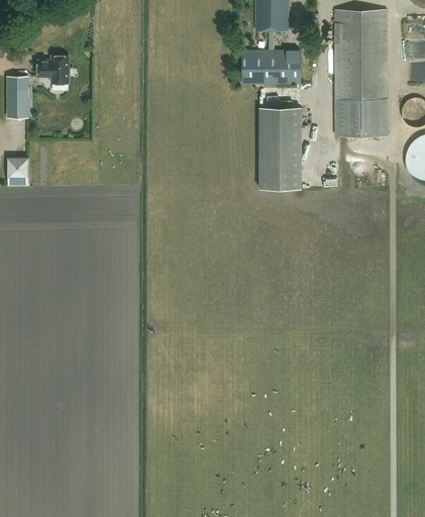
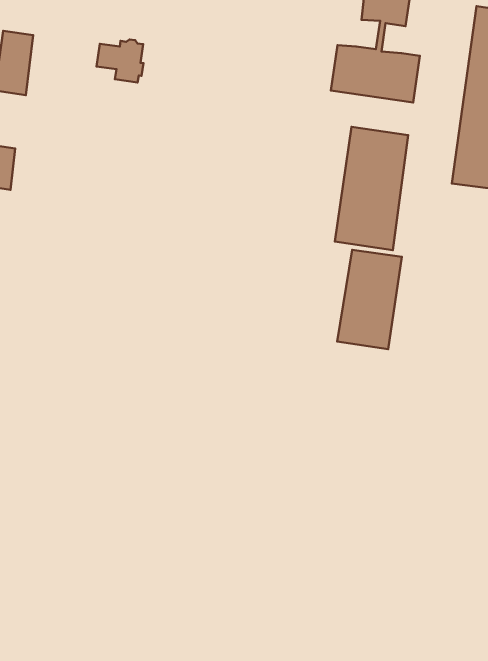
building: [33,51,66,81] -> [97,39,143,83]
building: none -> [337,250,402,349]

